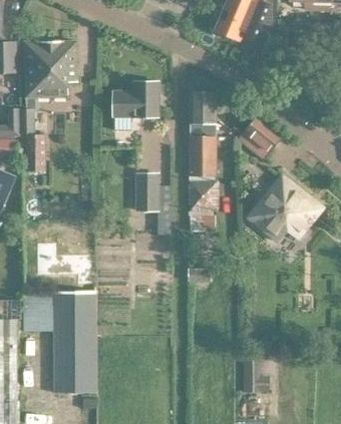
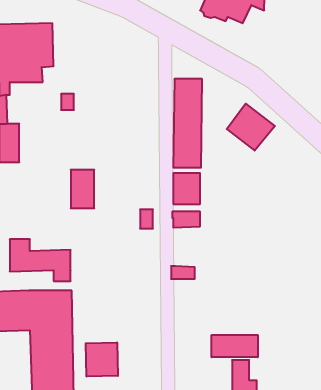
building: [113,82,159,117] -> none
building: [136,174,158,210] -> [71,170,94,208]
building: [246,174,323,245] -> none
building: none -> [212,335,258,357]
building: none -> [86,342,118,377]

